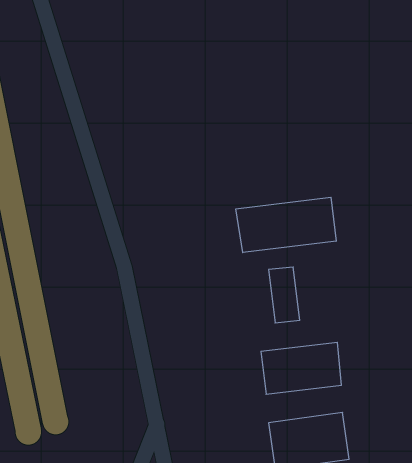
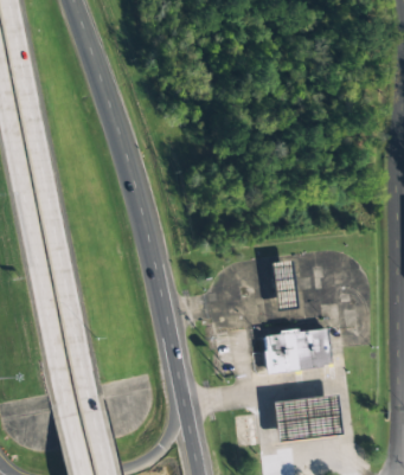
building: [236,197,336,253] -> none

